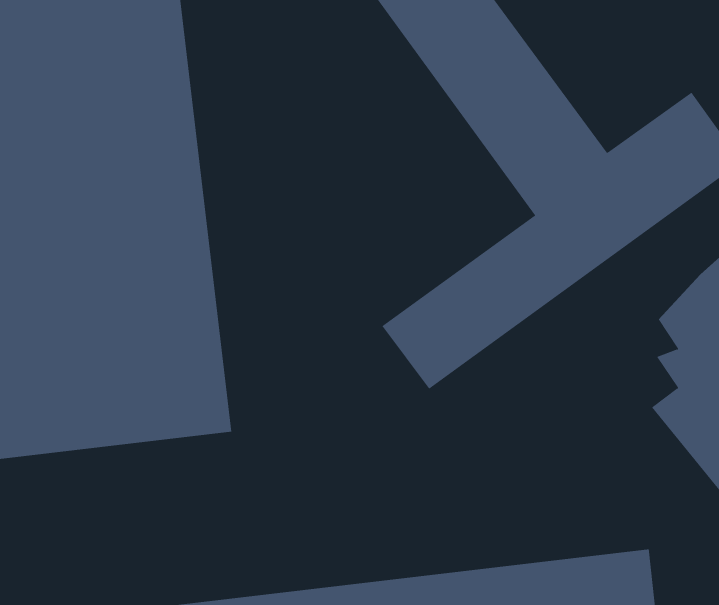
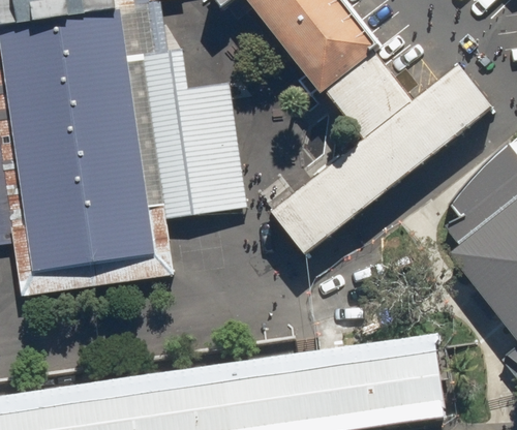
building: none -> [149,43,246,217]

